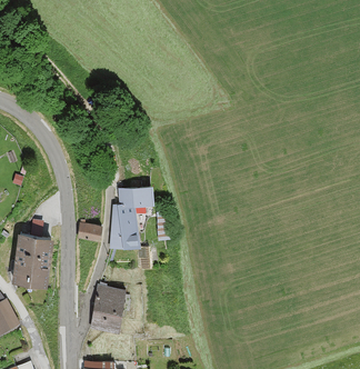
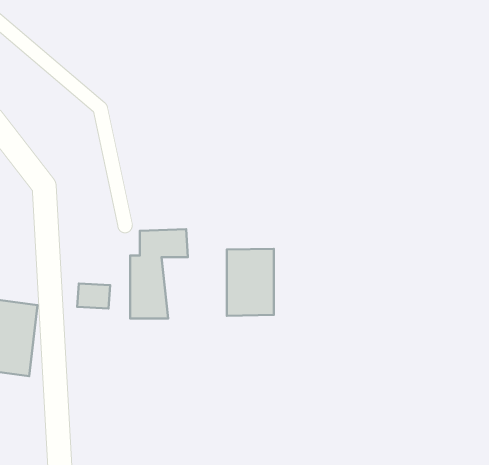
building: none -> [227,249,274,316]
building: [91,286,124,331] -> none

